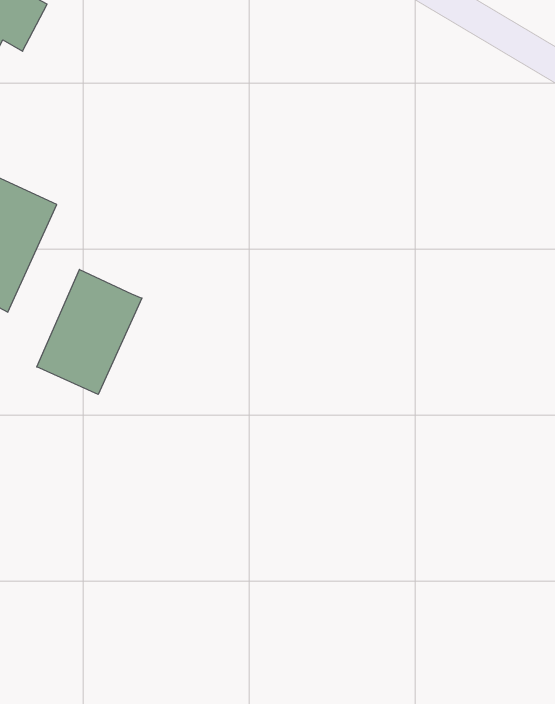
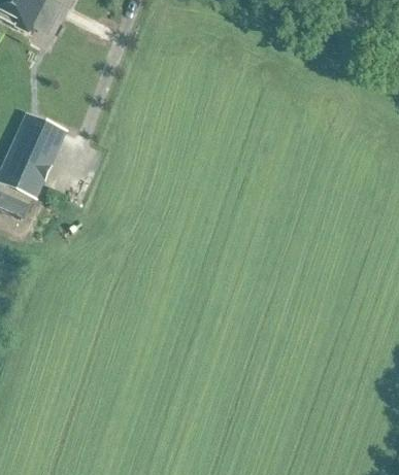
building: [37,269,142,394] -> none

